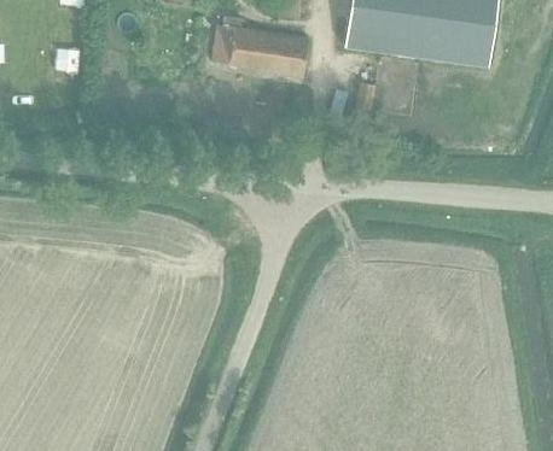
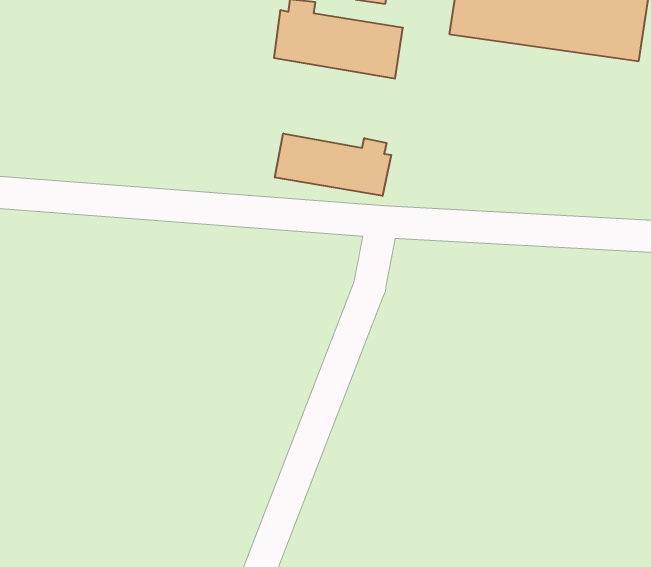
building: none -> [275,133,391,196]

